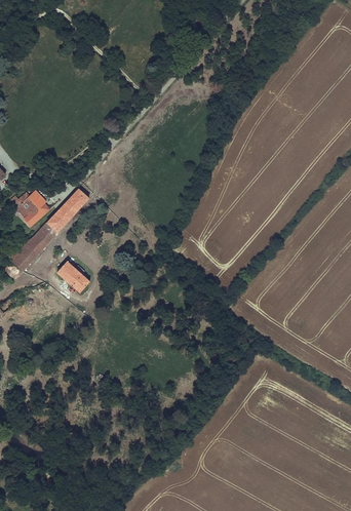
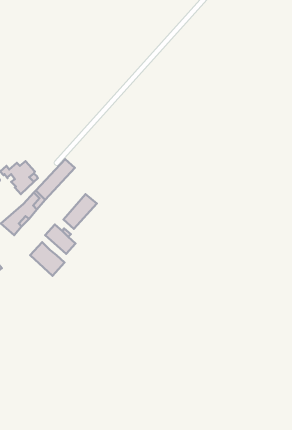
building: none -> [63,194,97,229]
building: none -> [30,242,64,276]

